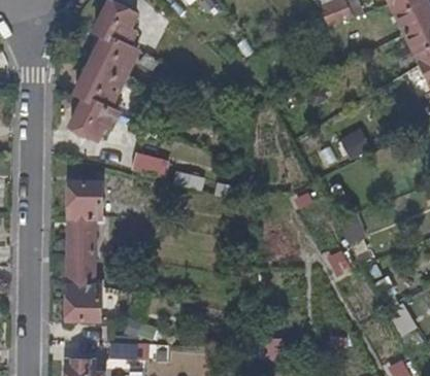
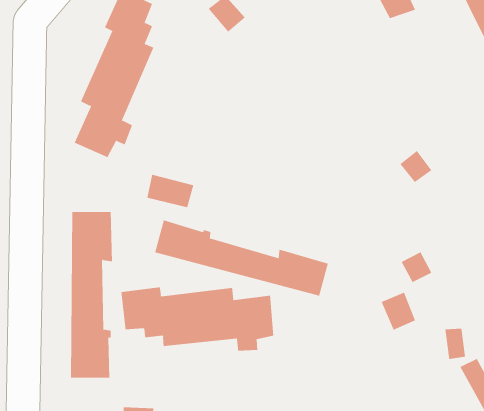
building: none -> [154,220,329,297]
building: none -> [121,286,274,352]

